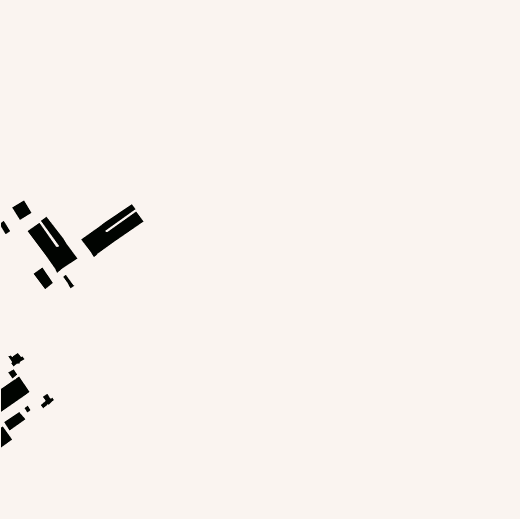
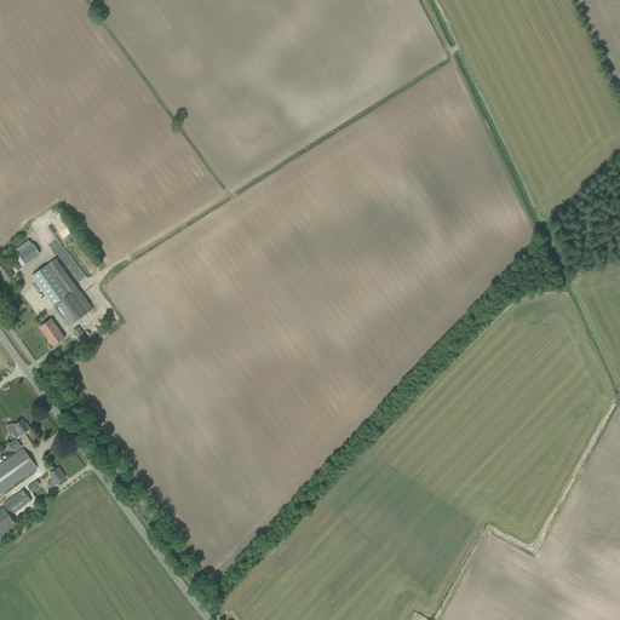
building: [80,203,145,258] -> none

